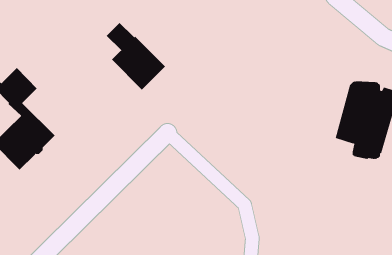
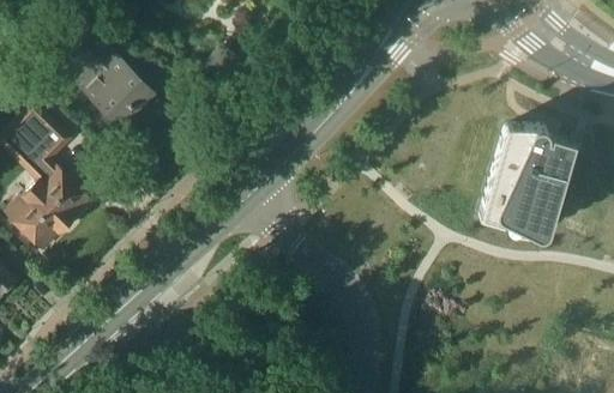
building: [106,22,166,90] -> [71,32,155,128]

